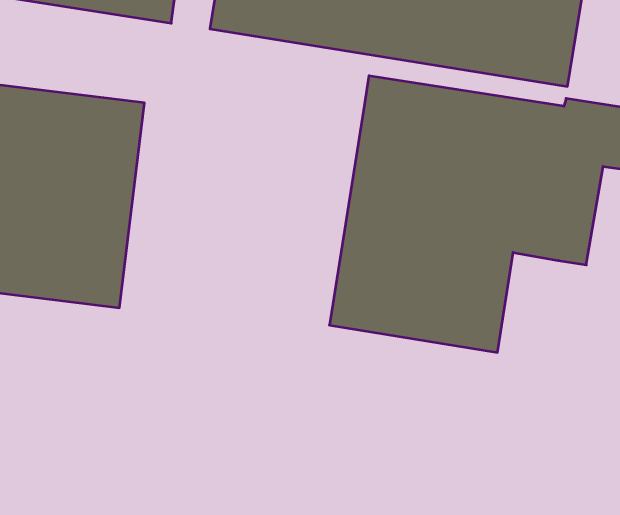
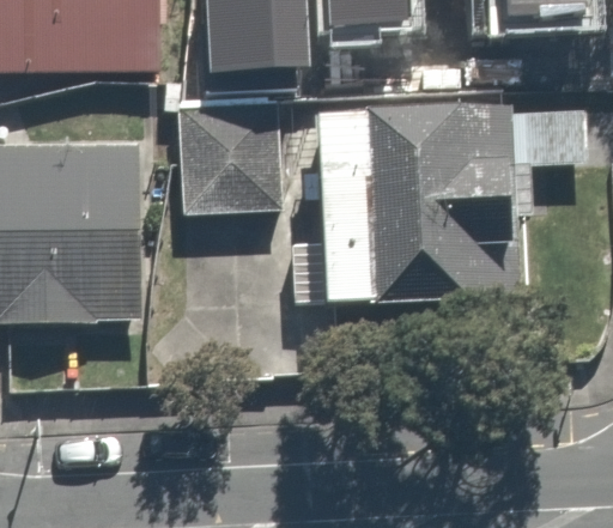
building: none -> [182,90,279,208]

